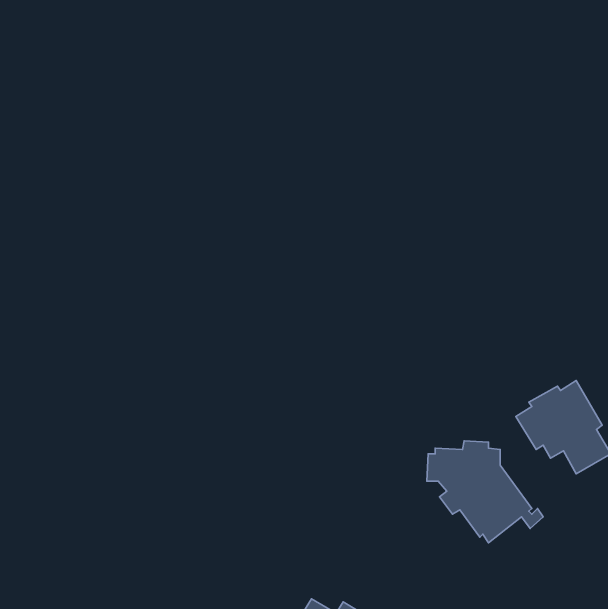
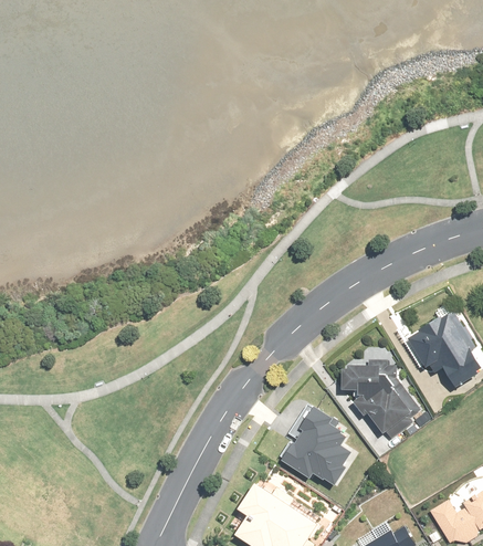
building: none -> [280,409,348,484]

